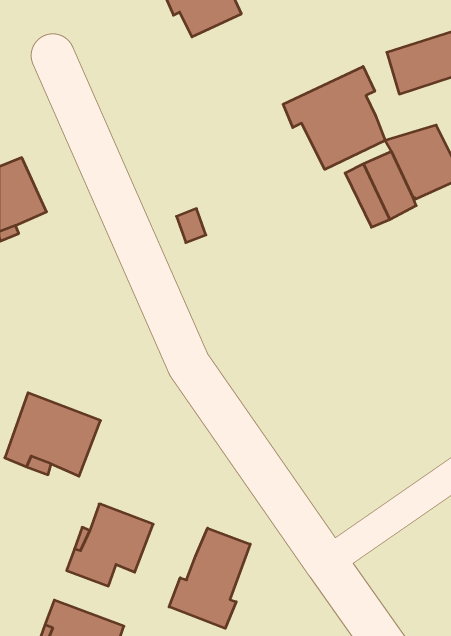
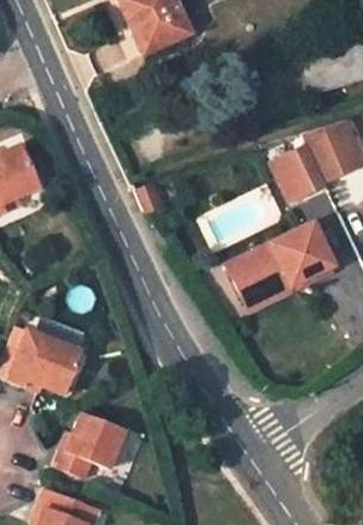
building: [283,66,385,169] -> none
building: none -> [228,221,331,296]
building: [169,528,250,628] -> none

